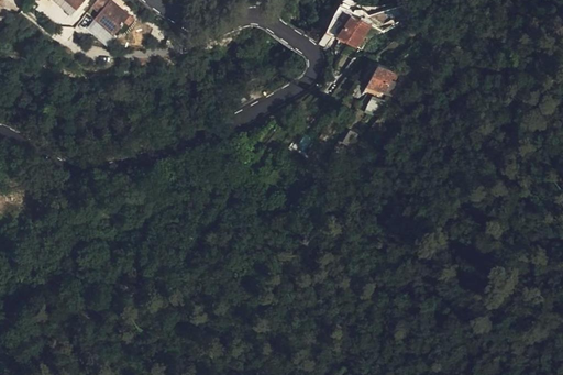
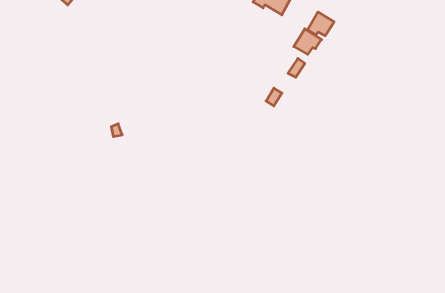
building: none -> [307,12,334,36]

